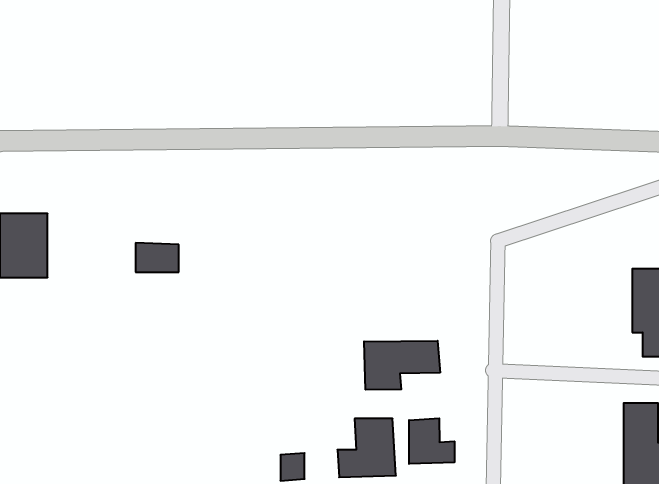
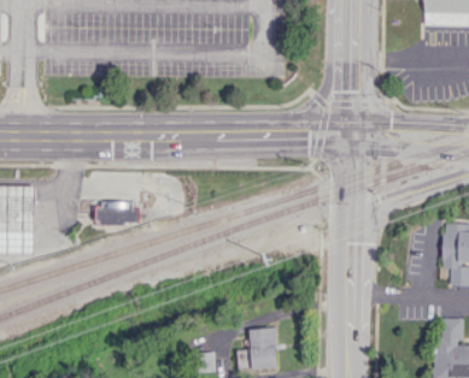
building: [364,341,440,390] -> none
building: [409,418,454,464] -> none

